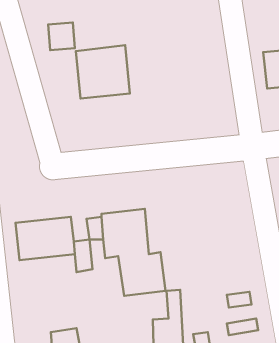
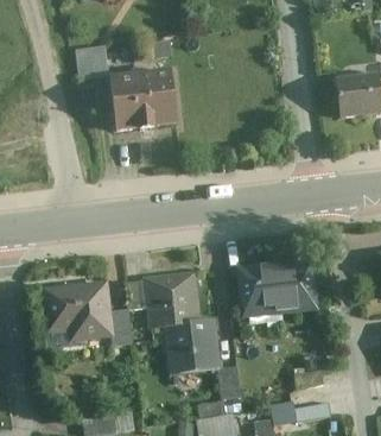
building: none -> [235,254,317,316]

